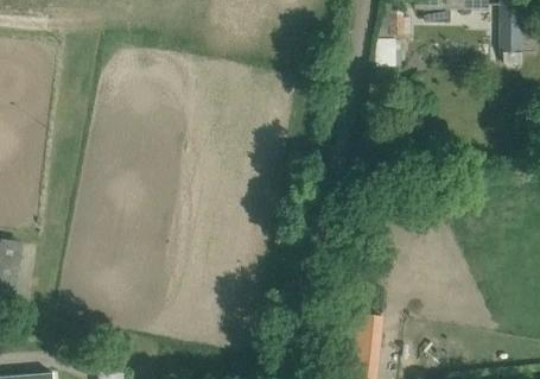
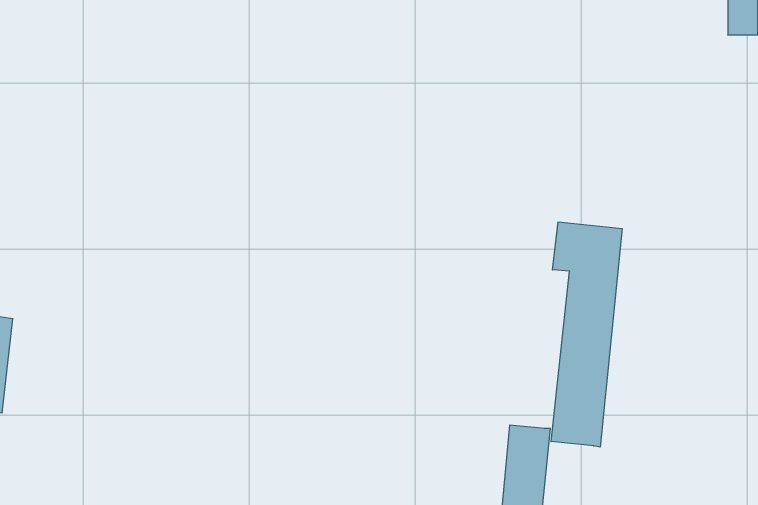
building: none -> [551,222,622,447]

